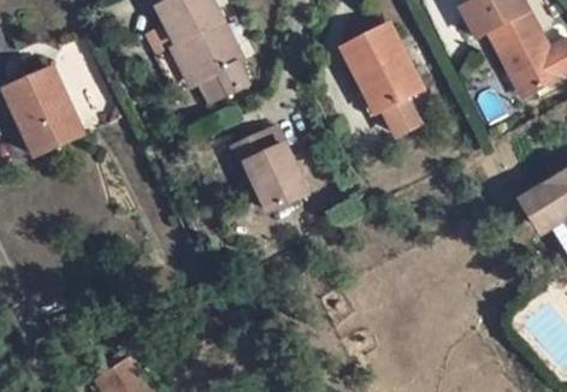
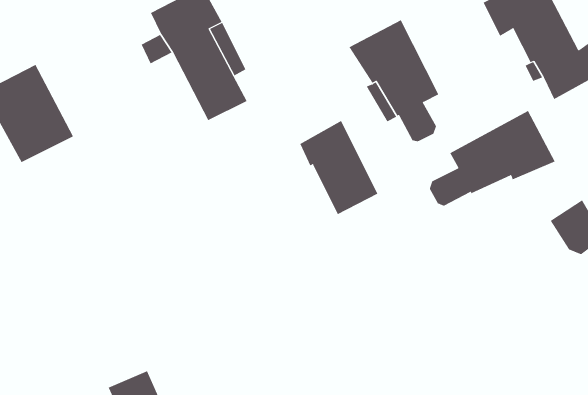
building: none -> [429,110,555,206]
building: [235,133,307,220] -> [299,120,378,215]

